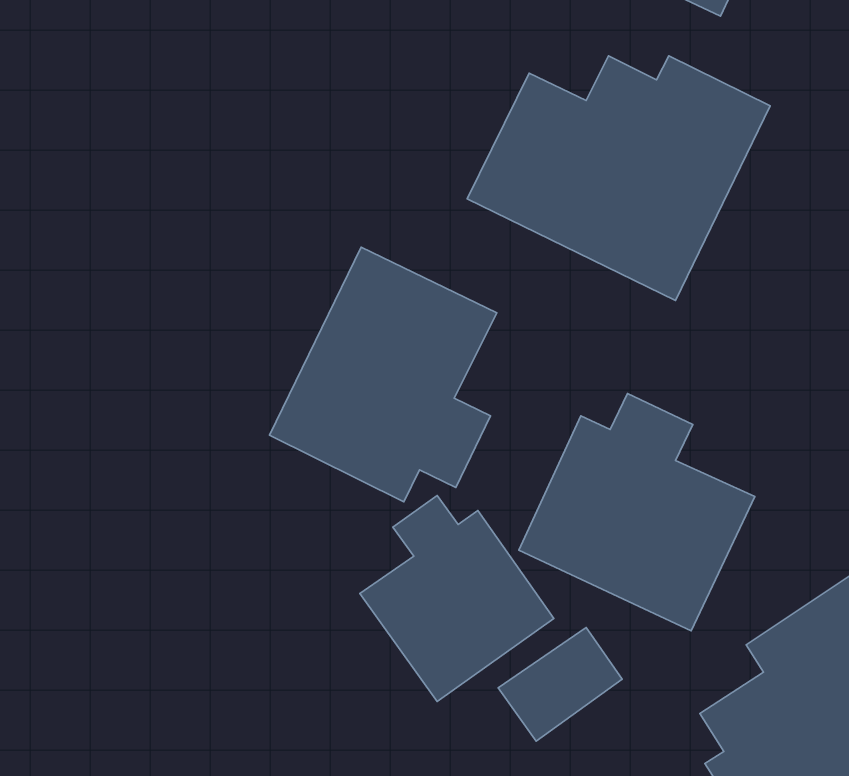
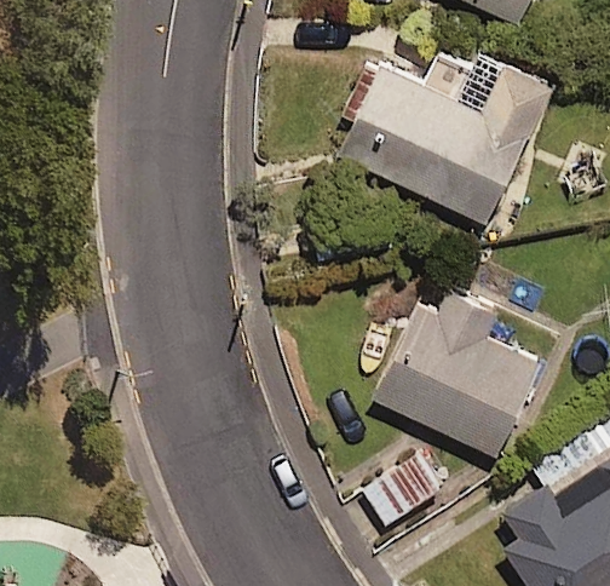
building: [269,247,497,502] -> none
building: [360,495,554,701] -> none

